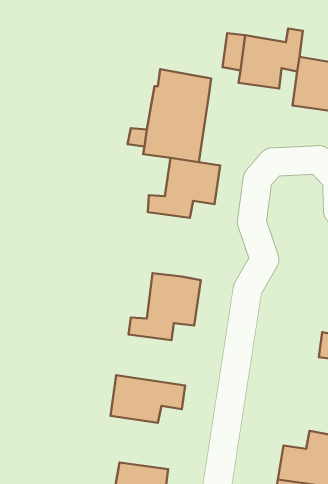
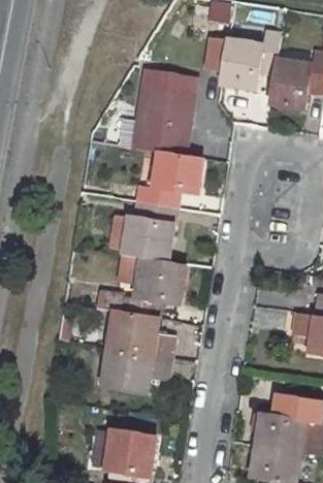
building: none -> [123,201,174,260]
building: none -> [107,312,173,359]

